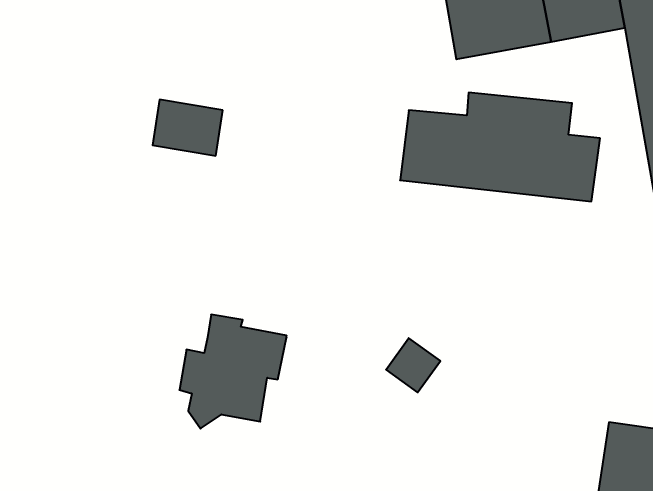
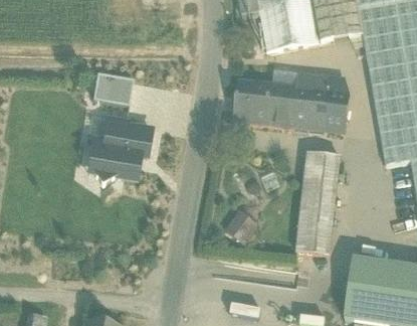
building: none -> [296,153,341,255]
building: [179,315,287,429] -> [89,118,151,183]

